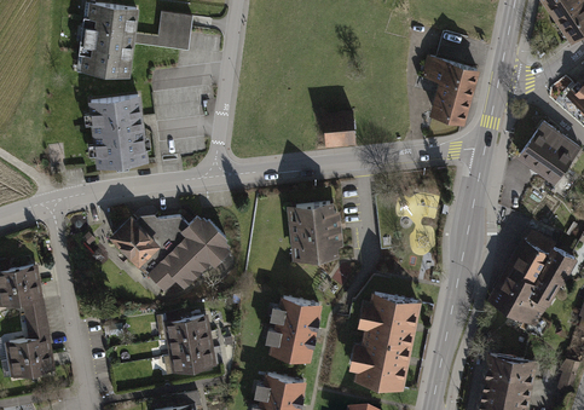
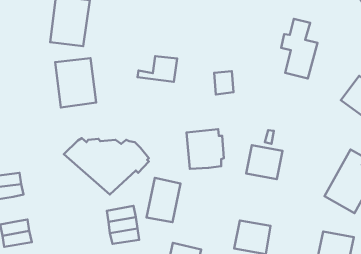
building: [134,11,193,50] -> [138,56,177,82]
building: [364,294,418,345] -> [246,145,282,179]
building: [270,295,320,362] -> [147,178,181,222]
building: [24,298,48,337] -> none

